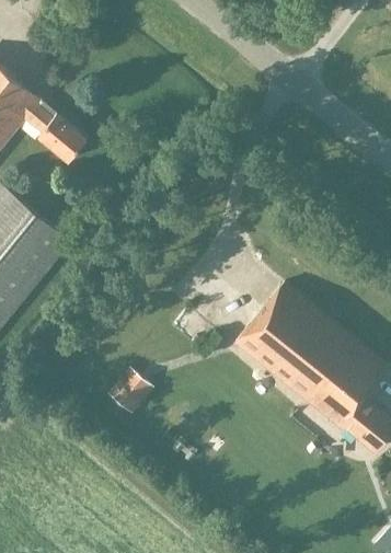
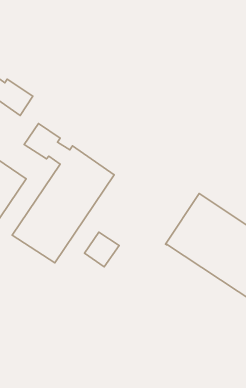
building: none -> [12,123,114,263]
building: [110,369,154,414] -> [85,232,119,267]

